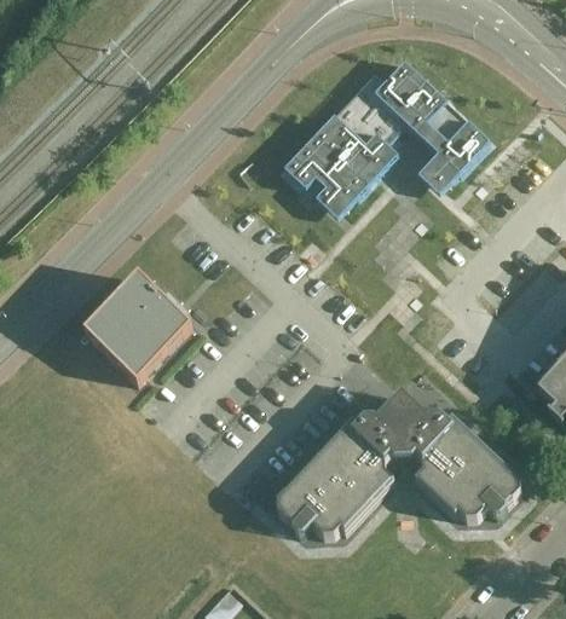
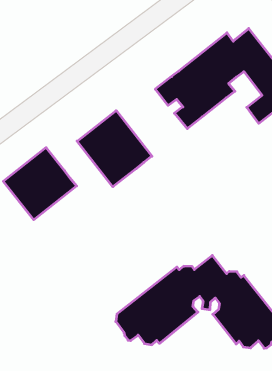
building: none -> [77,111,152,187]

